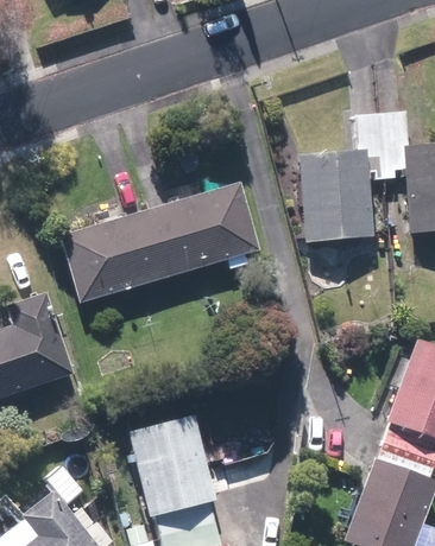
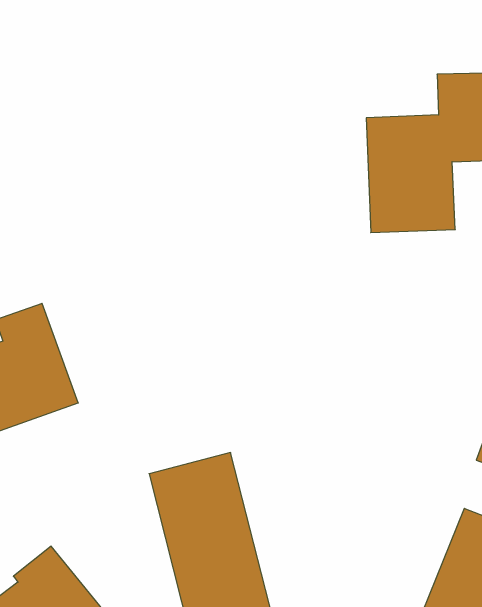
building: [61,185,258,300] -> none

